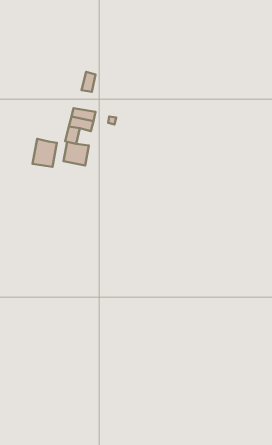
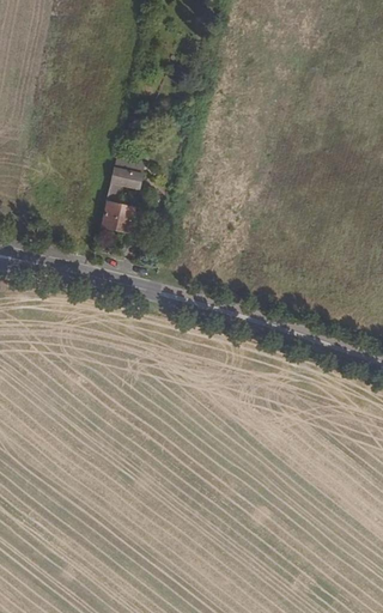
building: [33,139,57,167] -> none

